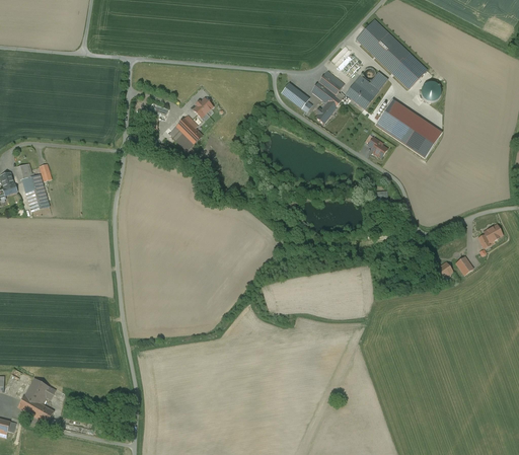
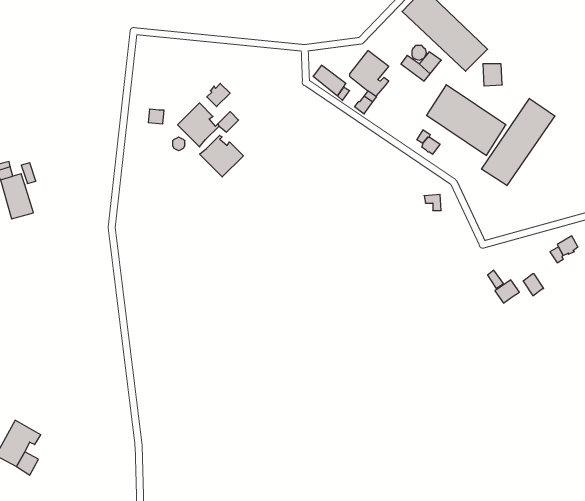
building: [345,82,373,108] -> none
building: none -> [482,98,555,186]
building: none -> [200,135,243,177]

